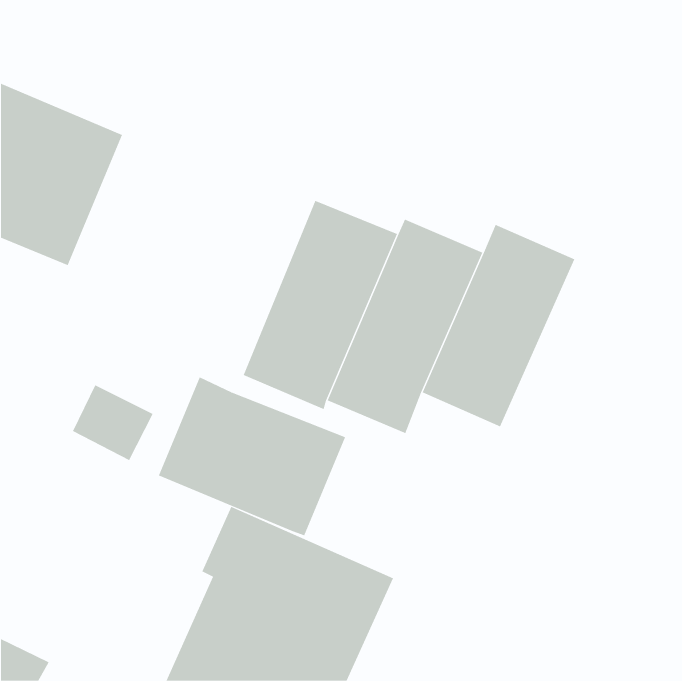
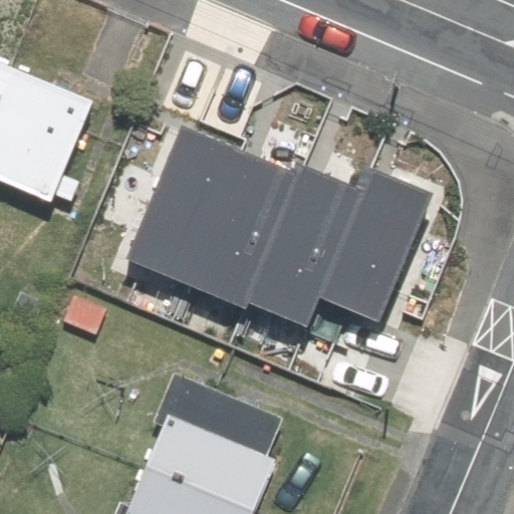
building: none -> [124,127,237,282]
building: [158,377,346,536] -> none

